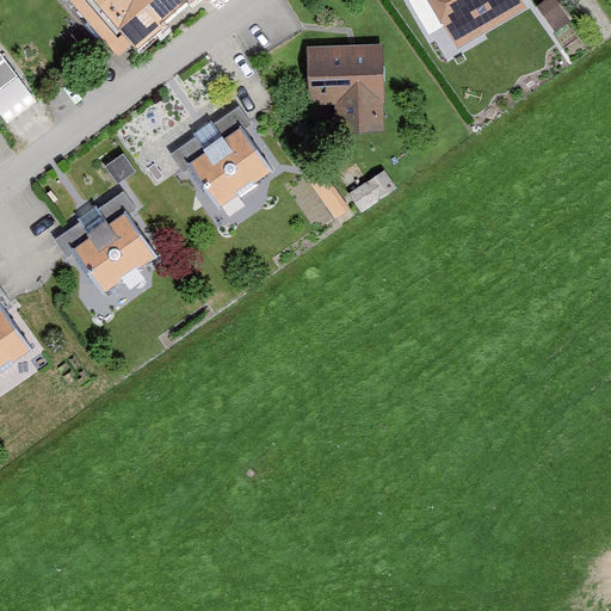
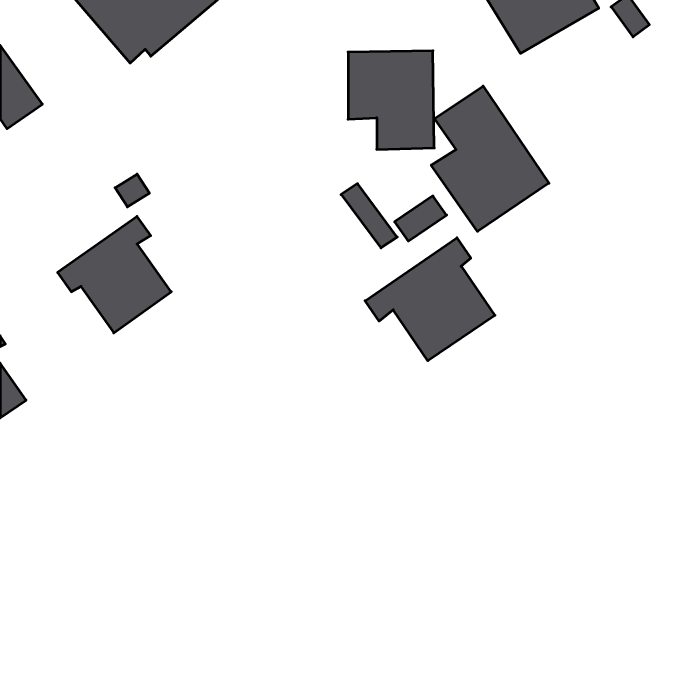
building: none -> [431,86,549,231]
building: [169,104,269,204] -> none
building: none -> [365,238,495,361]

